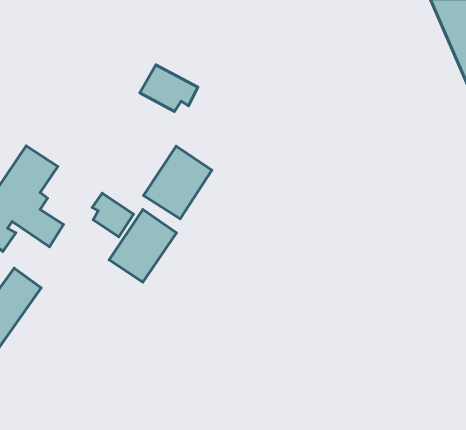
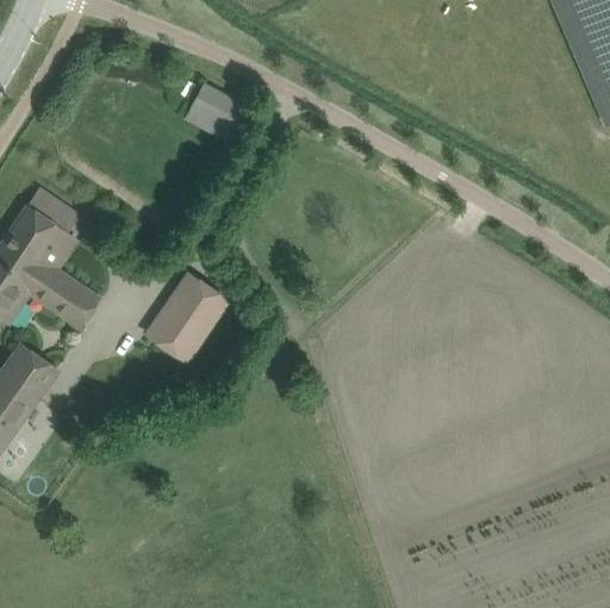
building: [143,146,212,219] -> none
building: [92,193,133,237] -> none

